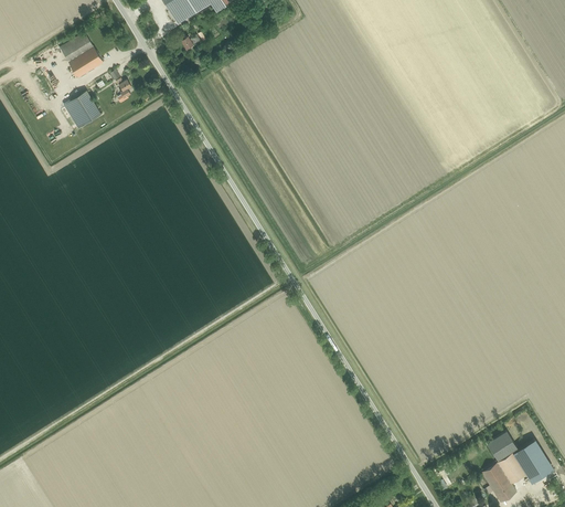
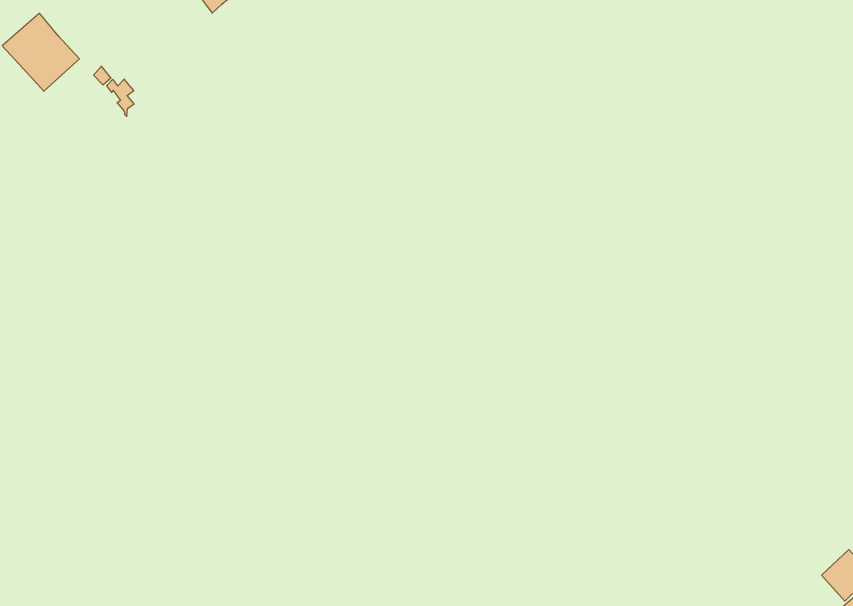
building: [64,91,100,128] -> none

